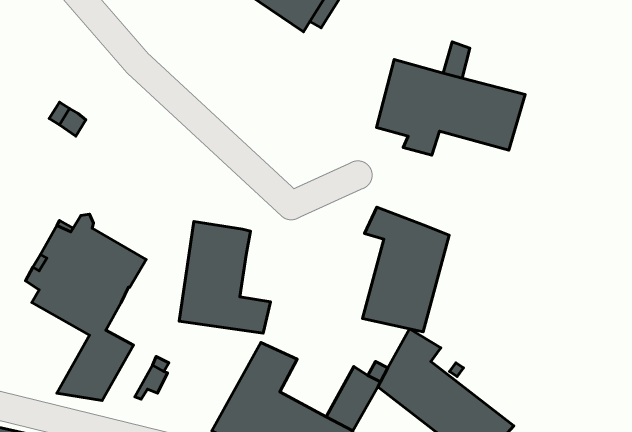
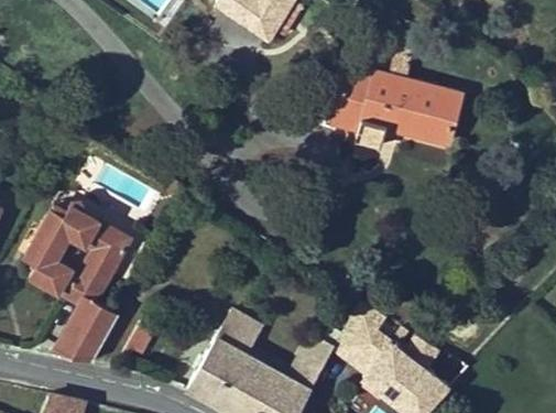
building: [362,207,449,332] -> none
building: [179,221,271,333] -> none

